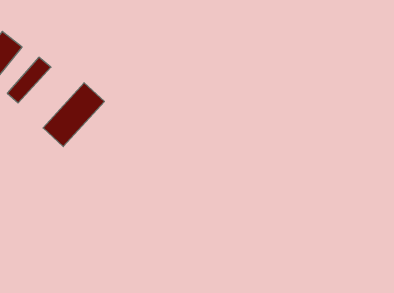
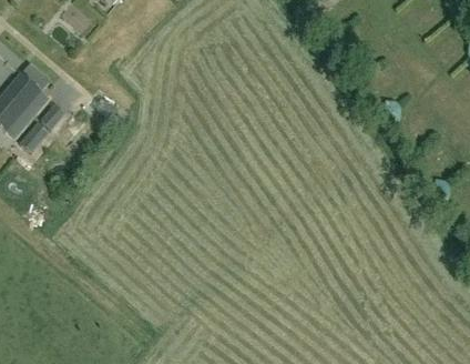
building: [43,83,104,147] -> none

